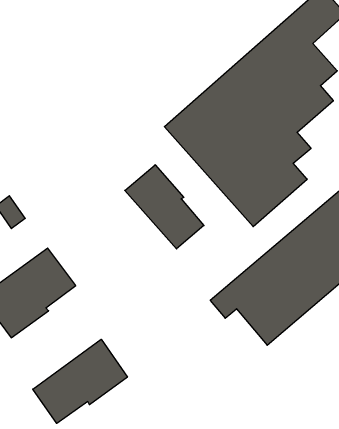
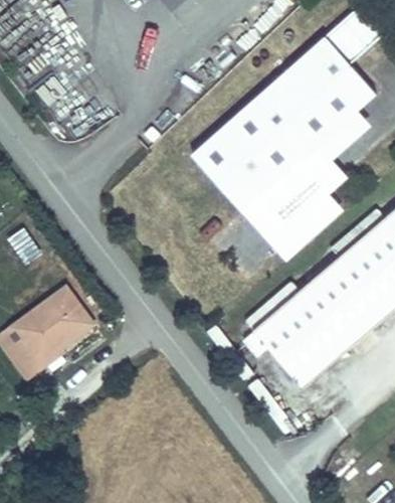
building: [125,165,204,249] -> none
building: [33,339,127,423] -> none

